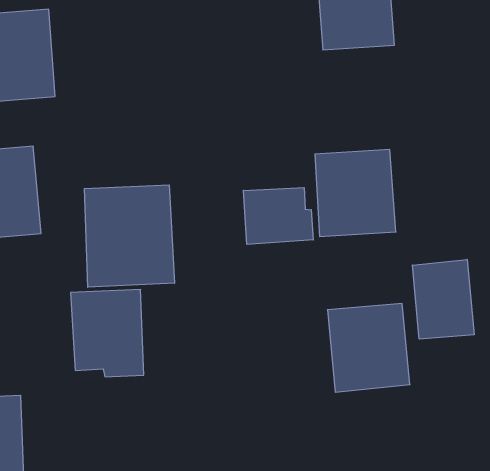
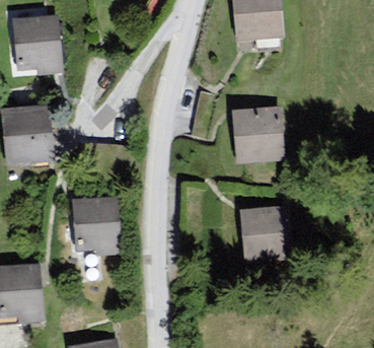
building: [84,185,174,287] -> none
building: [243,188,313,244] -> none
building: [412,259,474,339] -> none

